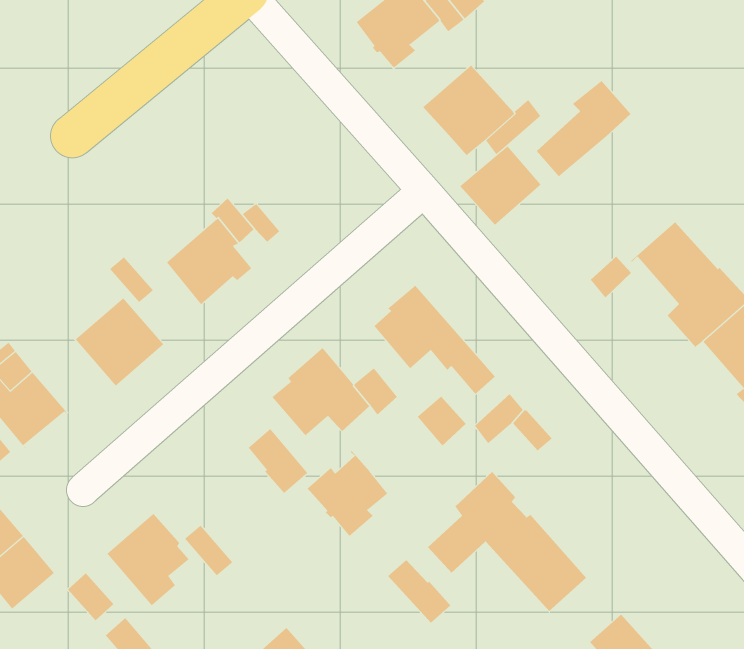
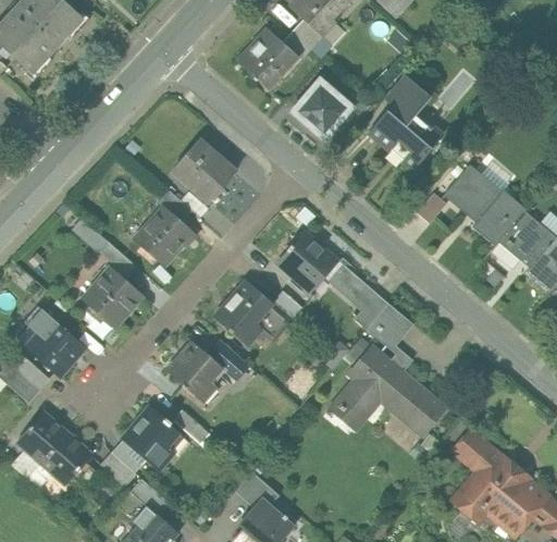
building: none -> [173,139,235,201]
building: [459,145,542,225] -> [388,114,443,169]
building: [417,396,467,447] -> [367,313,400,347]
building: [307,450,388,537] -> [168,343,222,401]
building: [387,559,451,623] -> none

